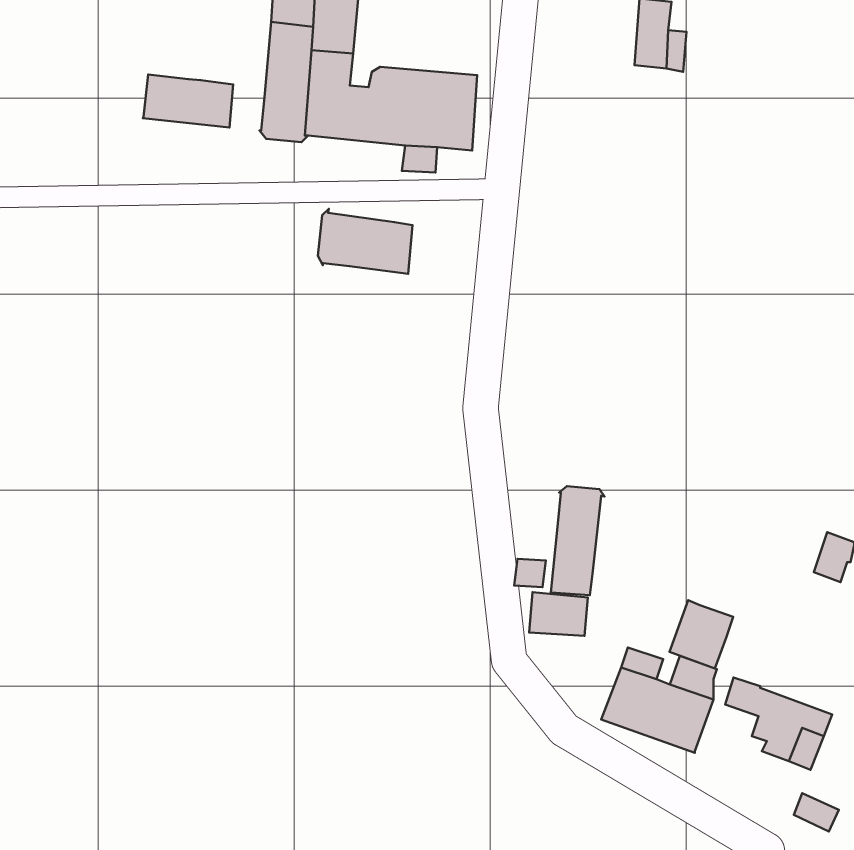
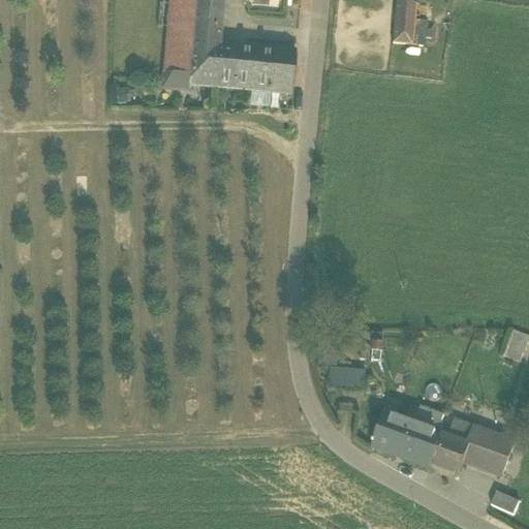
building: [143,74,233,127] -> none
building: [318,209,413,274] -> none
building: [551,486,604,595] -> none
building: [670,600,733,669] -> [429,432,468,474]

